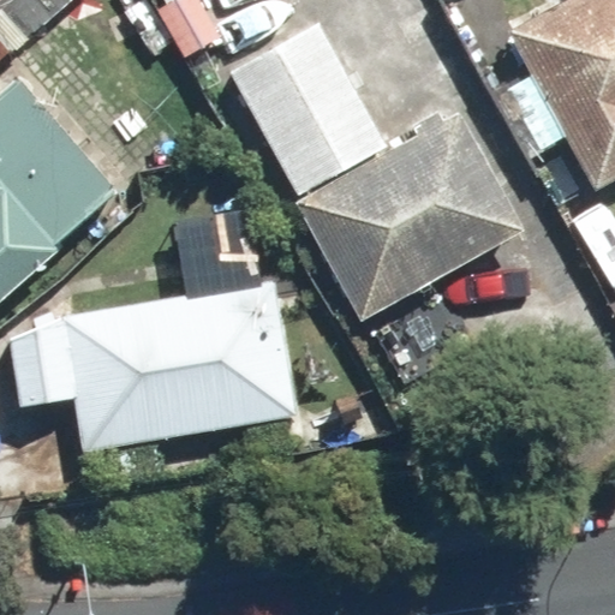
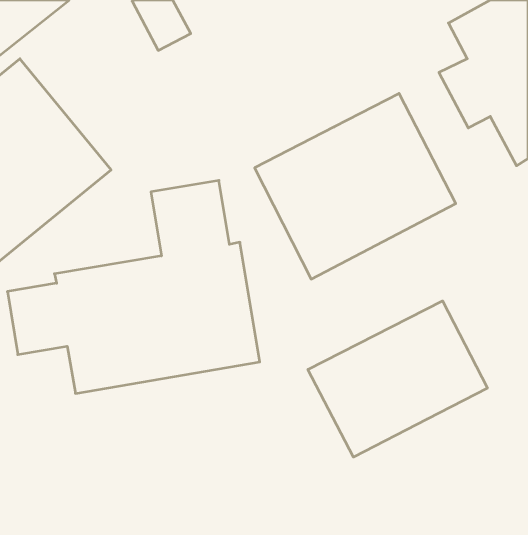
building: [227,22,383,193] -> none
building: none -> [308,301,487,457]

